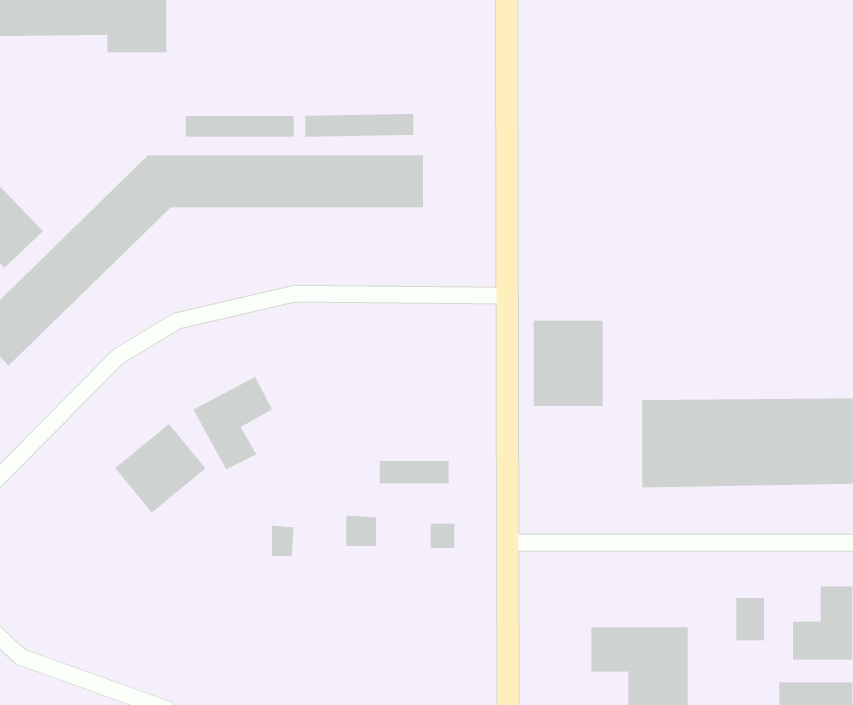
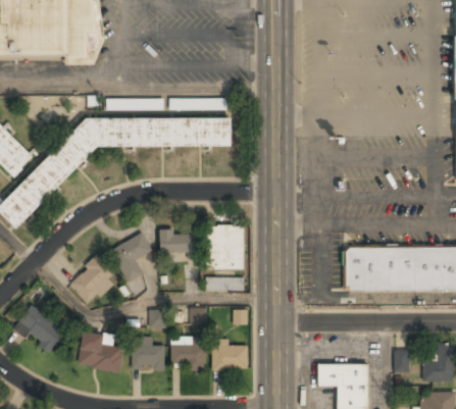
building: [533,320,603,406] -> [207,225,244,270]
building: none -> [159,233,197,254]
building: none -> [14,305,66,352]
building: none -> [79,333,122,371]
building: none -> [133,338,164,369]
building: none -> [171,340,205,368]
building: none -> [211,340,248,369]

